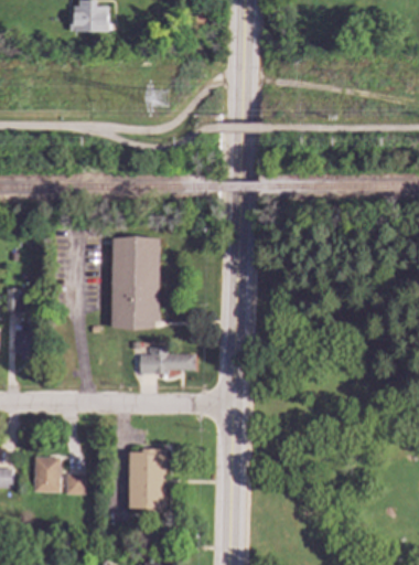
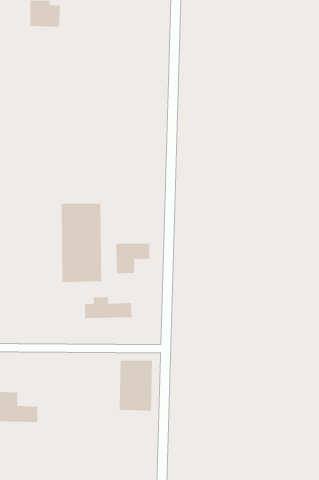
building: none -> [116,243,150,274]
building: [127,450,166,510] -> [119,360,153,411]

